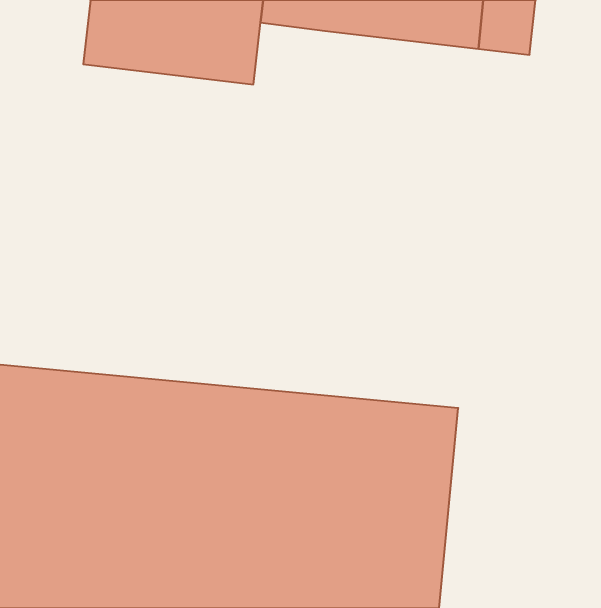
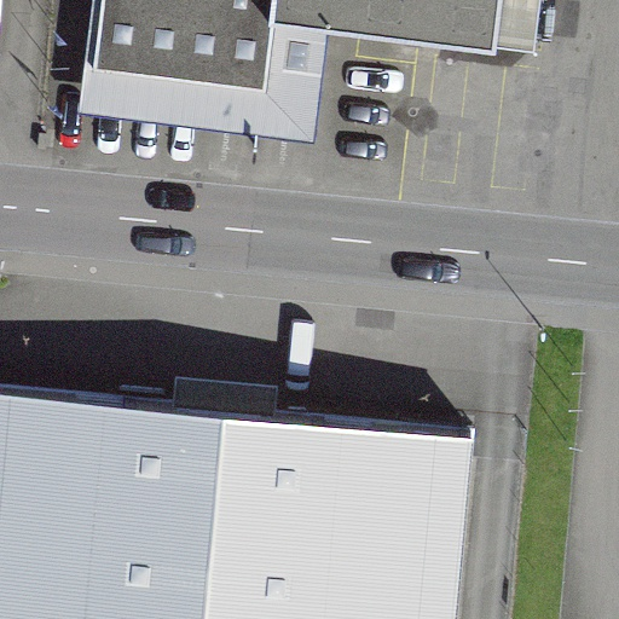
building: none -> [77,23,330,146]

